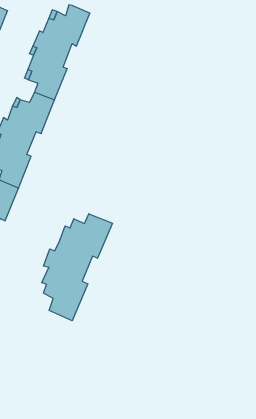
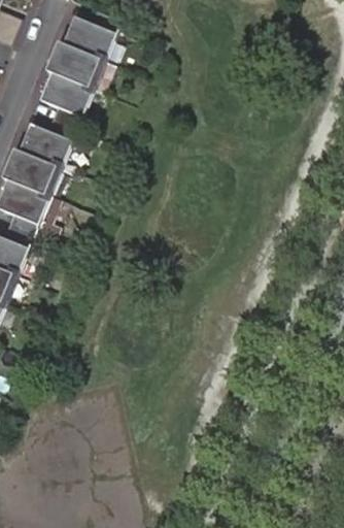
building: [42,214,112,321] -> none

